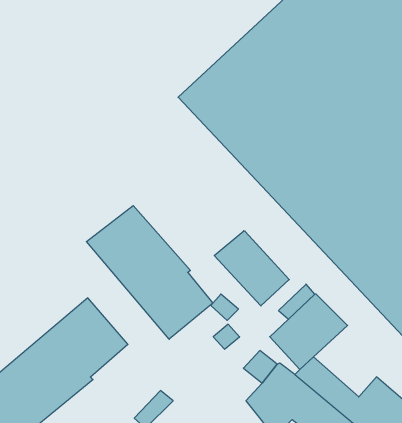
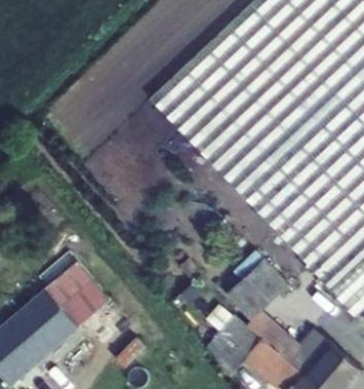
building: [86,206,213,339] -> none
building: [214,231,289,306] -> none

